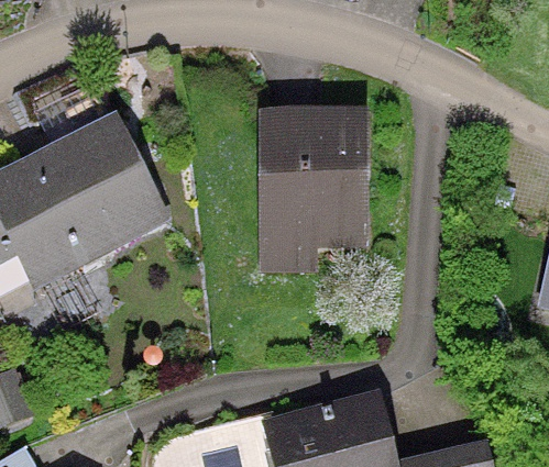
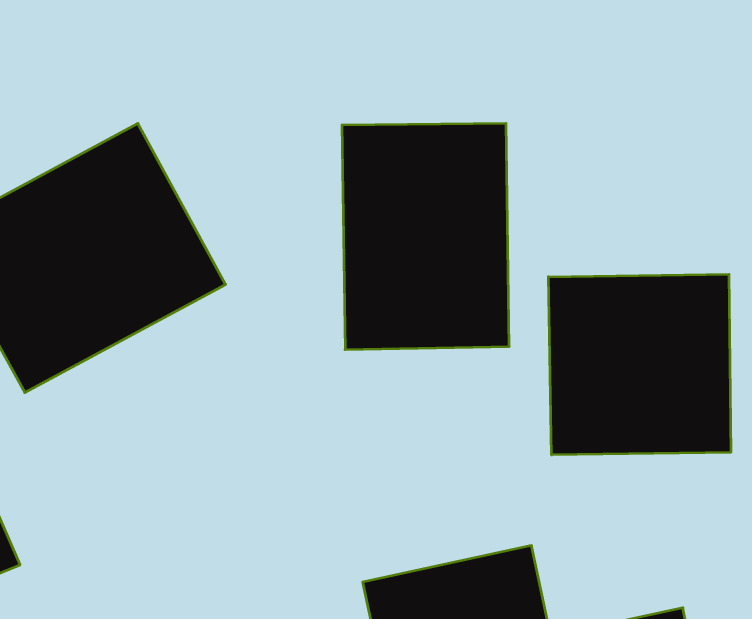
building: none -> [548,274,731,455]

